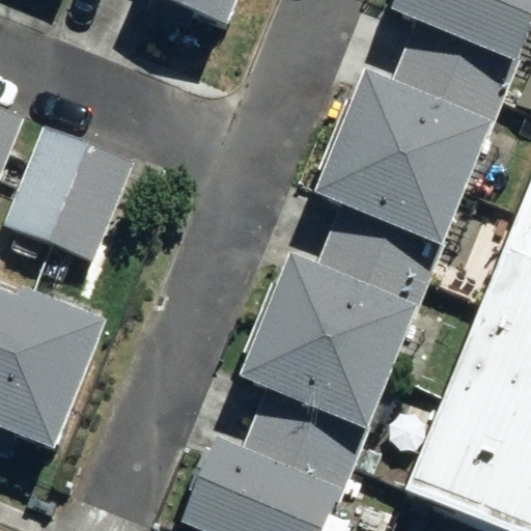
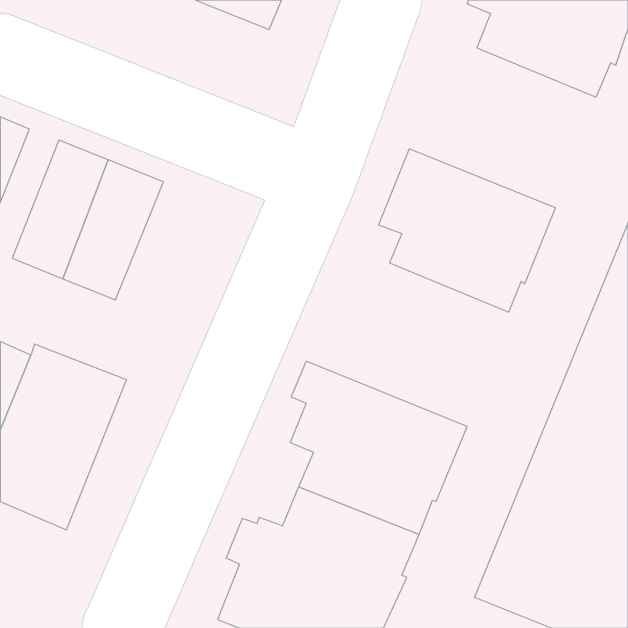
building: [345,40,503,175] -> none
building: [258,222,429,360] -> none

